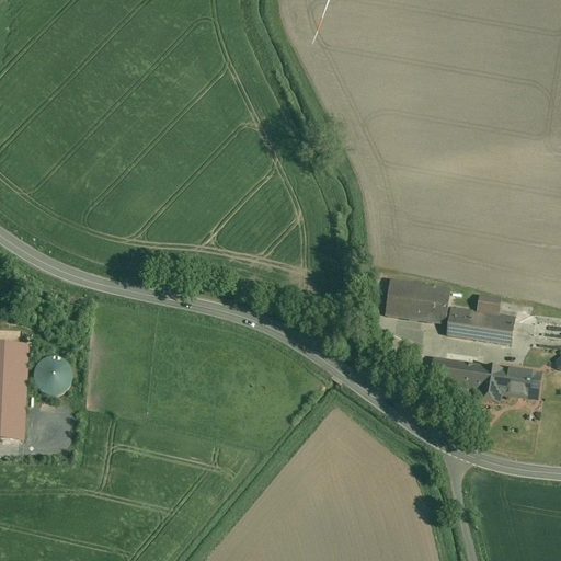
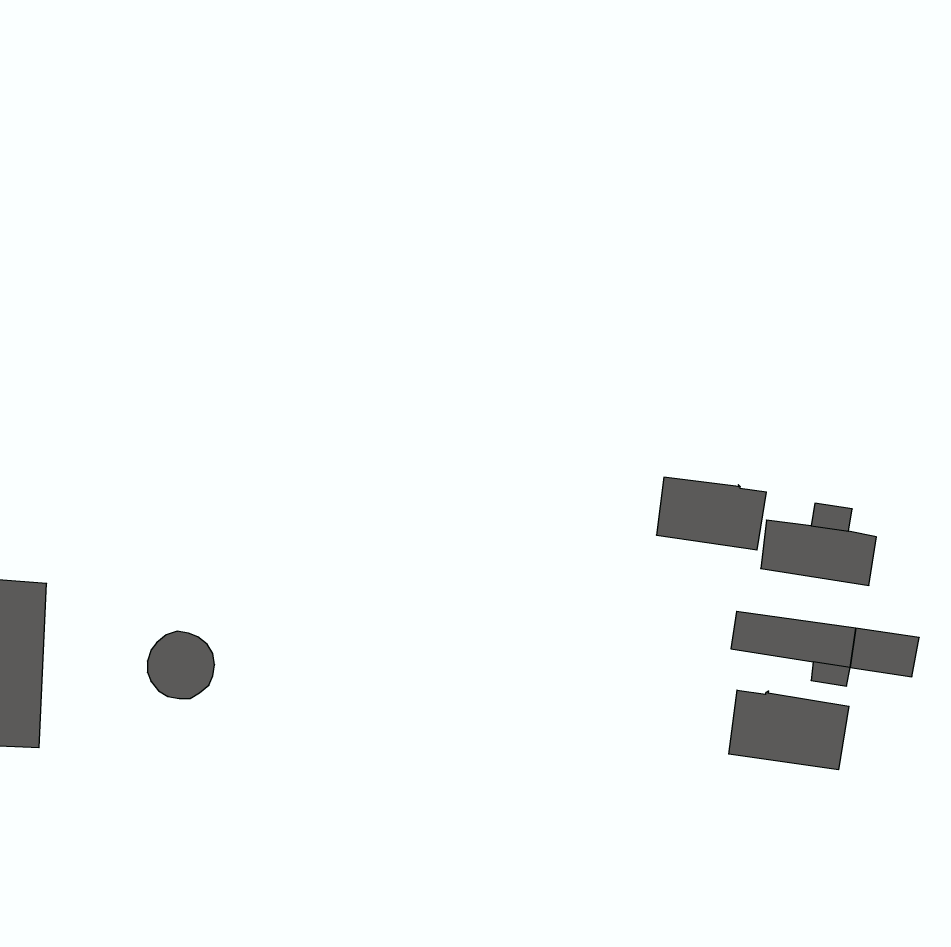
building: [32,355,71,394] -> [147,631,215,698]
building: none -> [729,690,849,770]

